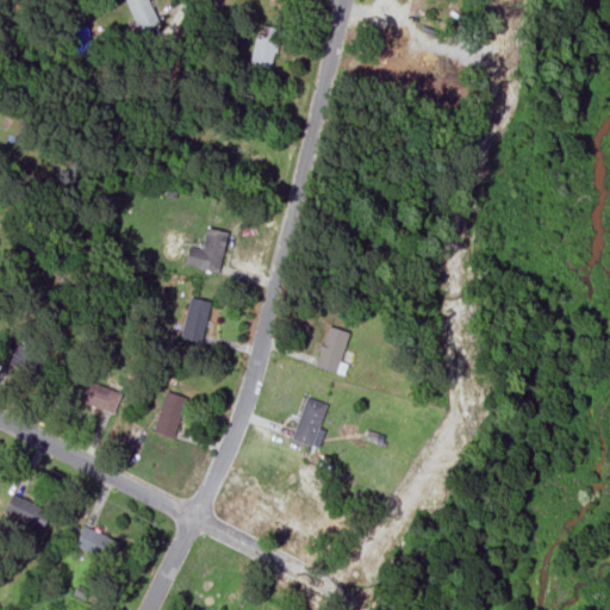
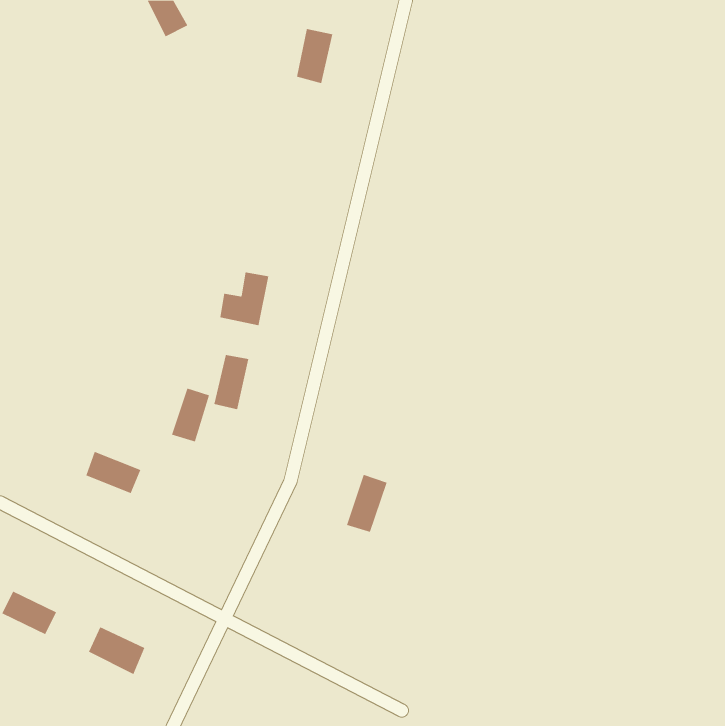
building: [317,326,349,374] -> none
building: [154,392,186,437] -> [171,388,210,442]

